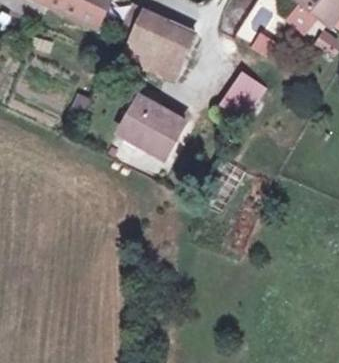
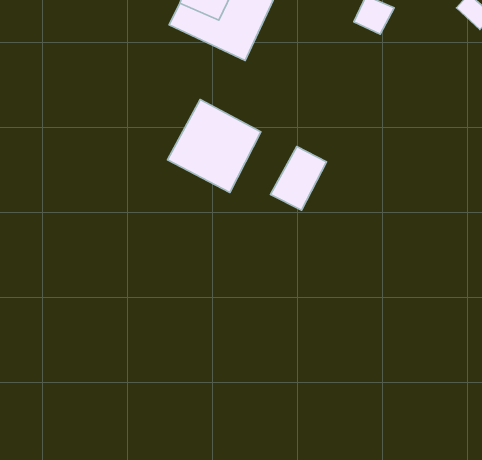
building: [221,69,257,110] -> [270,146,326,210]

